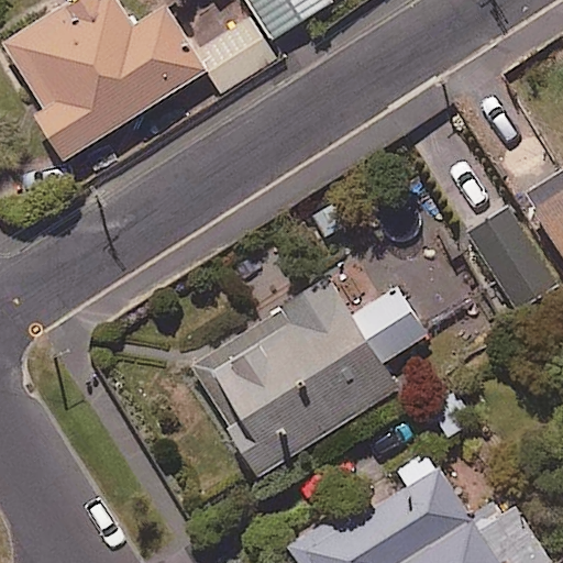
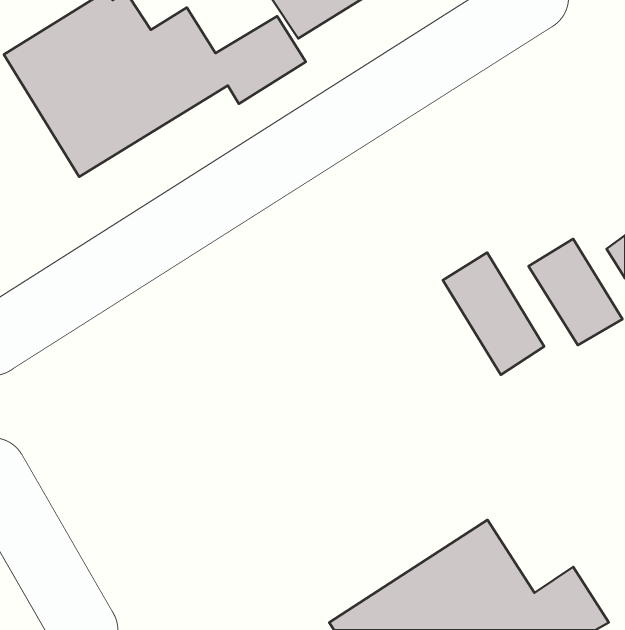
building: none -> [443,253,544,375]
building: [189,278,426,479] -> none

